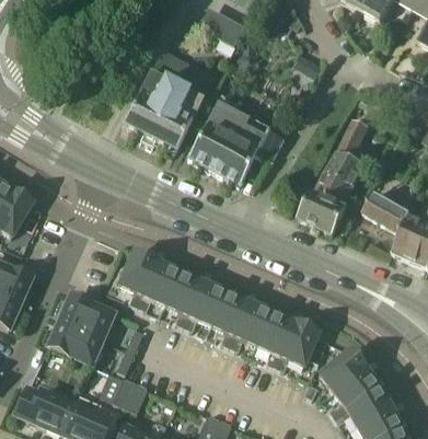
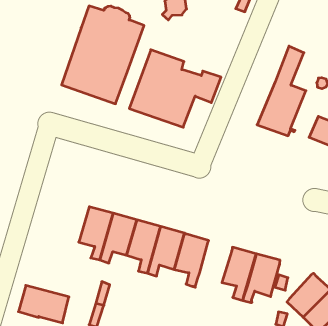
building: [299,192,349,233] -> none
building: [59,294,112,338] -> none
building: [229,301,271,349] -> none

